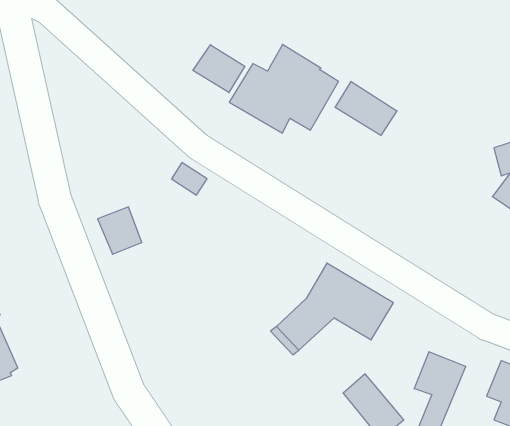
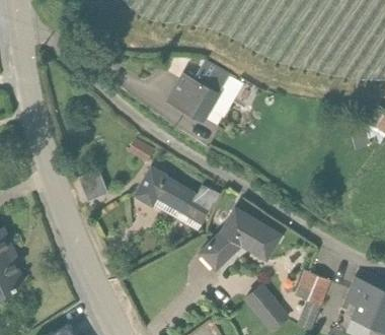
building: [193,45,245,93] -> none
building: [335,81,397,135] -> none
building: none -> [135,170,219,233]

